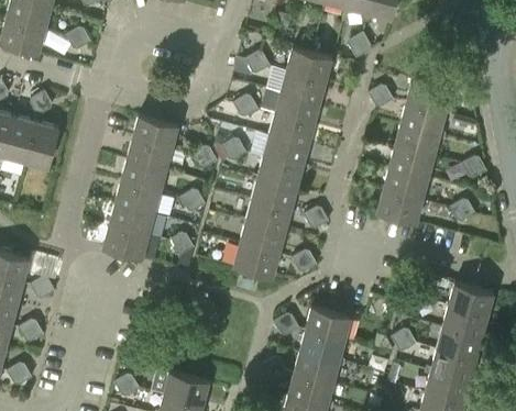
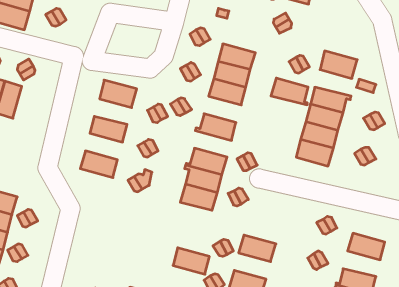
building: [286,47,332,81] -> none
building: [400,102,447,135] -> [271,78,308,105]
building: [25,123,59,169] -> none
building: [263,135,309,168] -> none
building: [127,138,173,170] -> none
building: [251,178,297,211] -> none
building: [116,181,162,214] -> none
building: [103,225,150,258] -> none
building: [448,284,494,316] -> none
building: [436,327,482,359] -> none
building: [300,330,345,363] -> [173,248,209,274]

